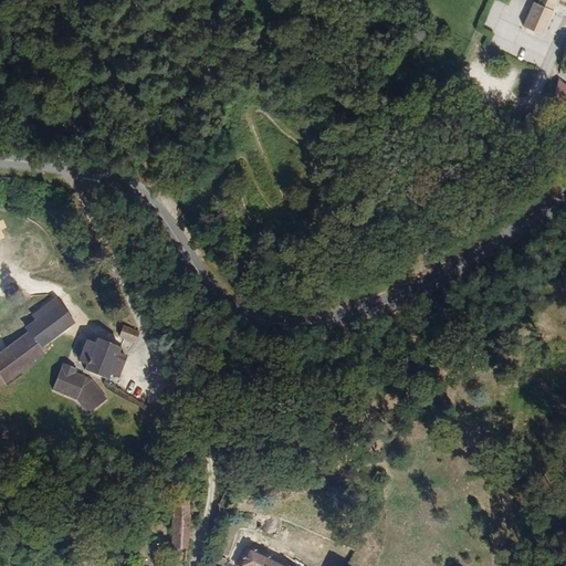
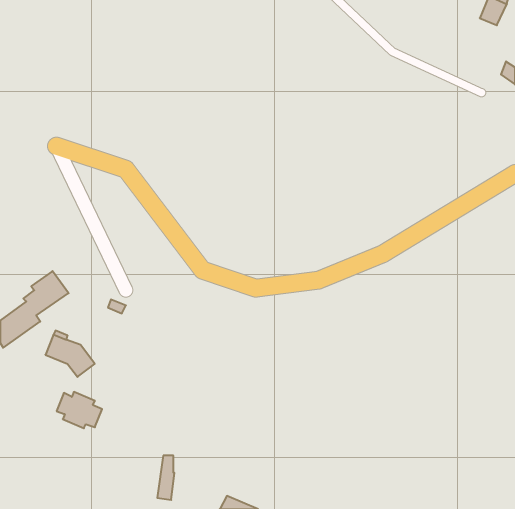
building: [77,339,127,379] -> [57,392,102,428]

